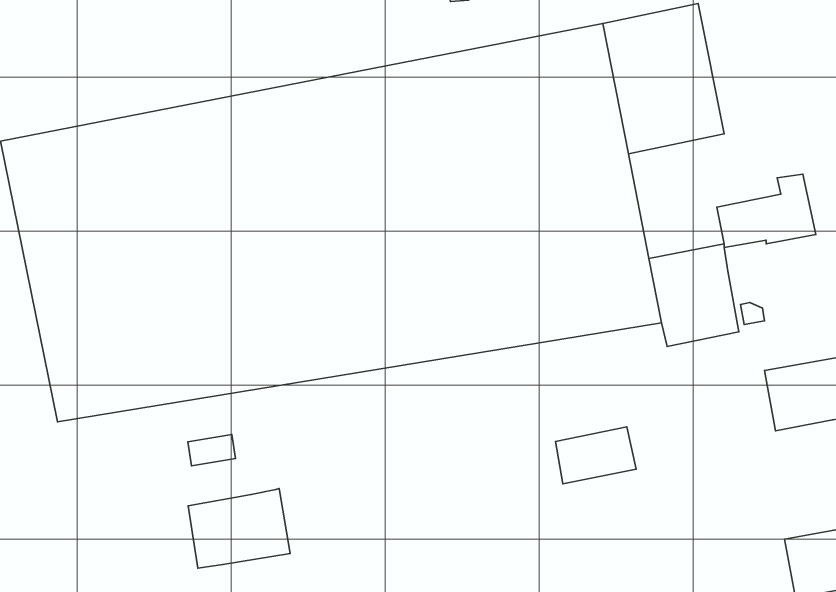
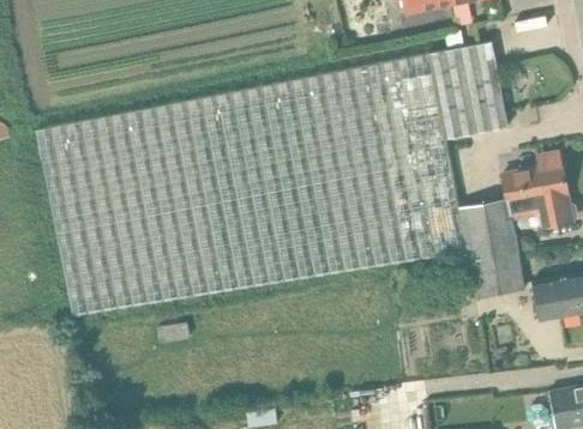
building: none -> [507,192,571,226]
building: [555,427,636,484] -> [470,255,523,292]
building: [188,488,290,568] -> none

